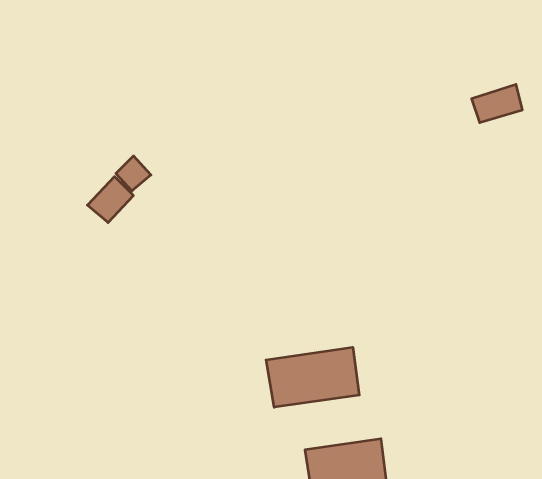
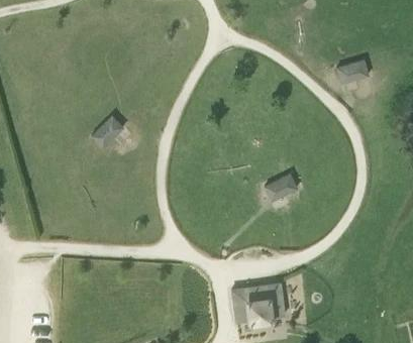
building: none -> [266,172,302,202]
building: [266,347,359,407] -> none

